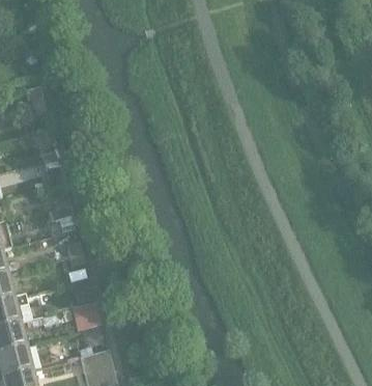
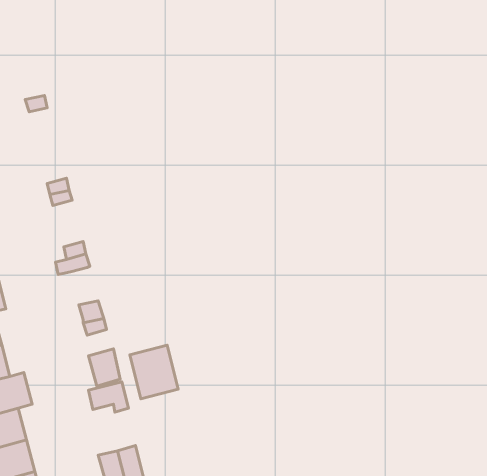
building: none -> [130,345,178,399]

